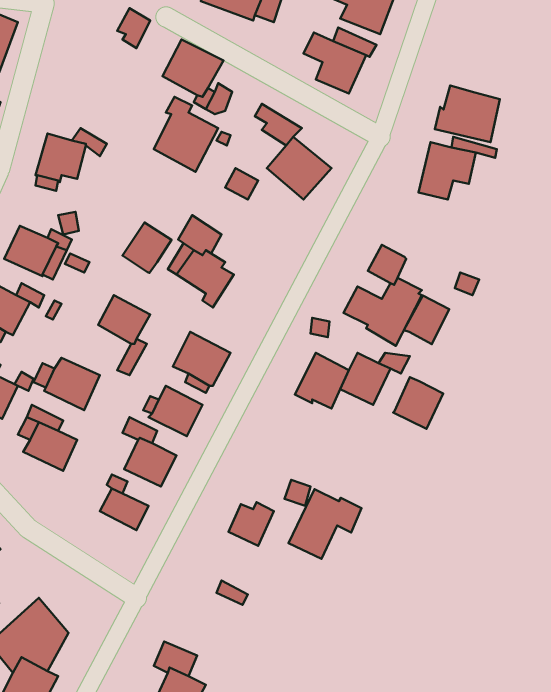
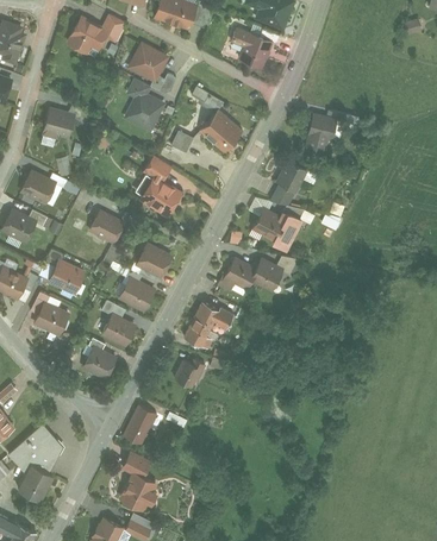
building: none -> [63,23,102,56]
building: [435,86,500,142] -> none
building: [122,222,172,273] -> none
building: [404,295,449,344] -> [274,156,305,189]
building: [393,377,443,429] -> none
building: [288,489,362,559] -> [183,300,233,347]
building: none -> [123,403,162,444]

